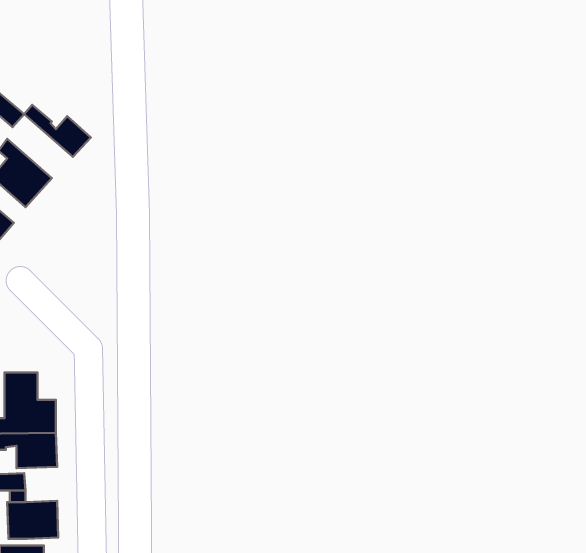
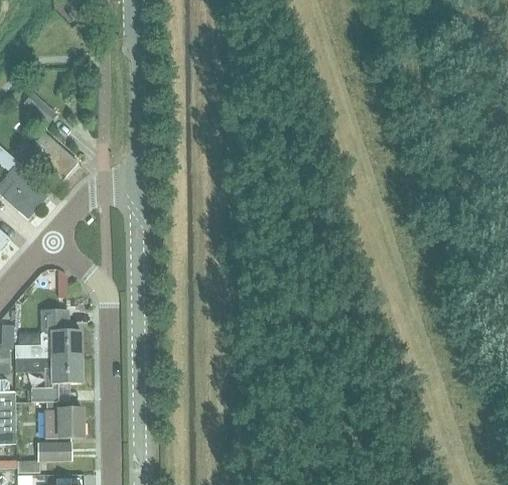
building: [24,105,91,157] -> none

